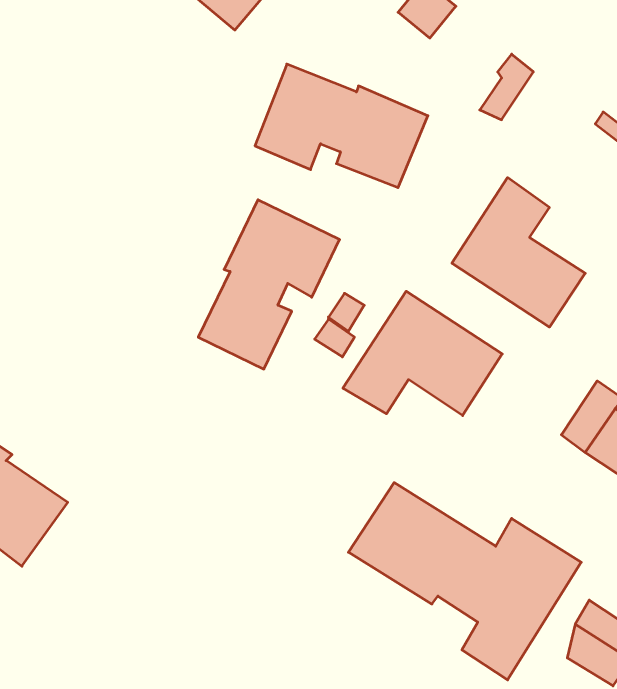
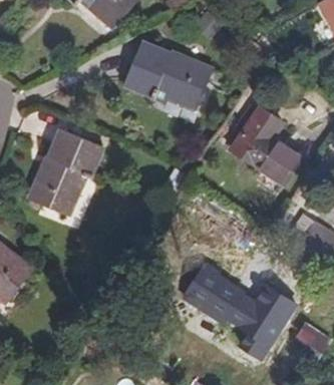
building: [198,200,340,369] -> [38,132,109,218]
building: [343,291,502,416] -> none

